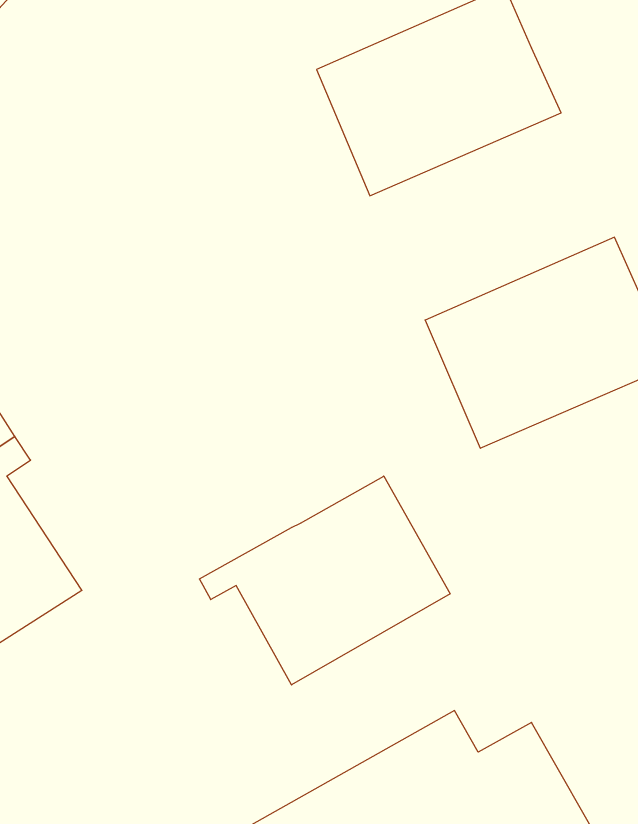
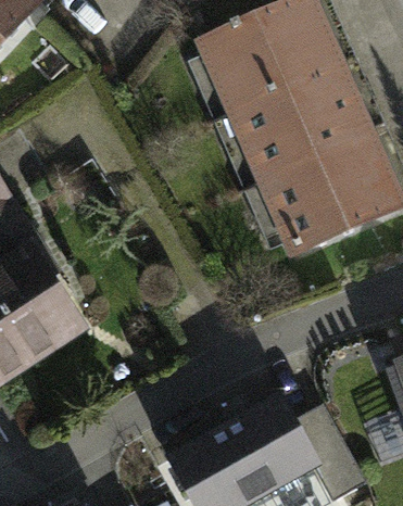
building: none -> [234,71,368,185]
building: [199,476,450,685] -> none

